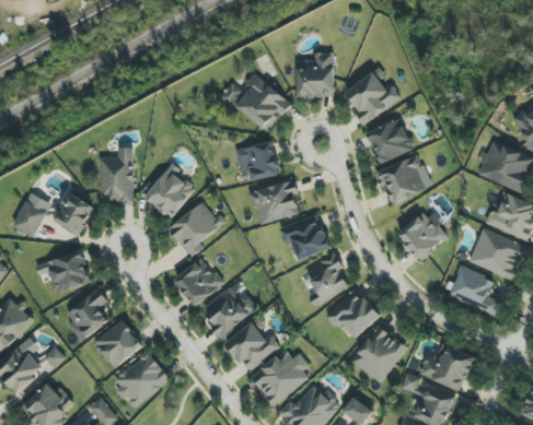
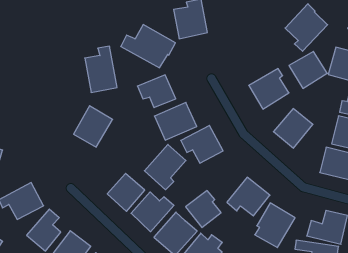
building: [345,67,399,126] -> [285,4,328,51]
building: [366,119,413,164] -> [289,51,327,88]
building: [99,147,134,202] -> [85,46,117,92]
building: [49,190,94,236] -> none
building: [167,200,222,257] -> [144,144,186,190]
building: [304,255,348,300] -> [186,191,221,228]

